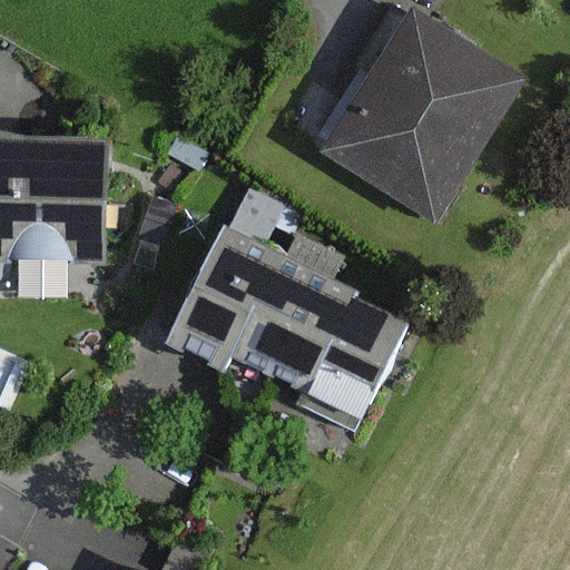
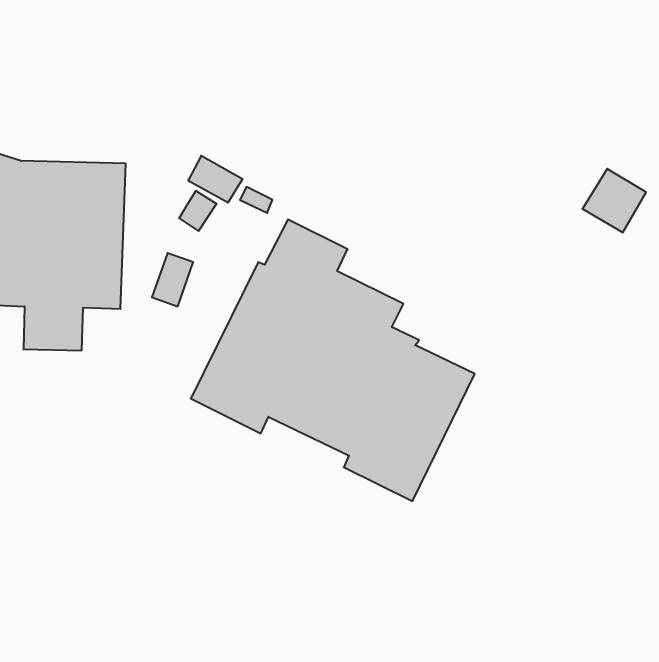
building: [318,6,525,225] -> none

